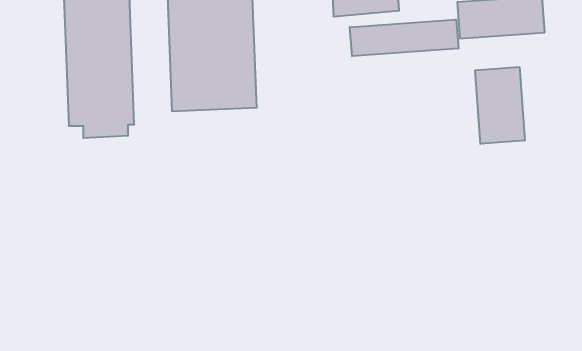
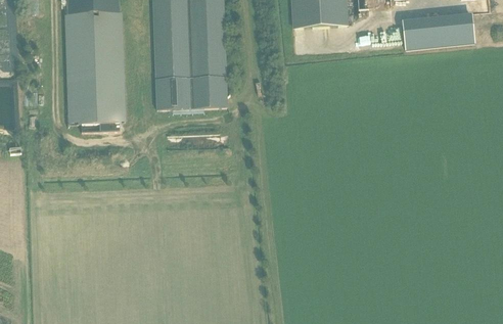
building: [350,19,458,56] -> none
building: [475,67,525,144] -> none

